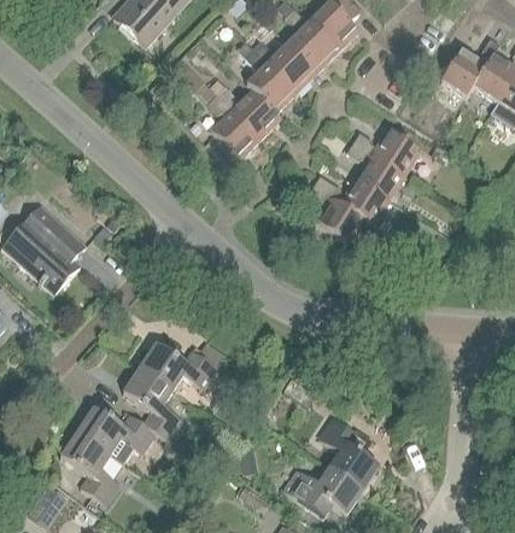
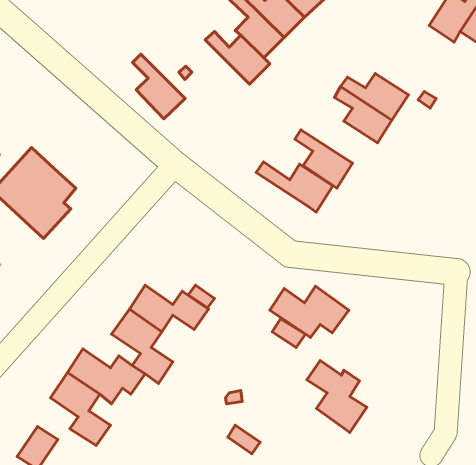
building: [206,95,259,160] -> [133,54,185,119]
building: [311,175,388,226] -> [256,162,333,212]
building: [281,467,361,519] -> [270,286,349,338]

